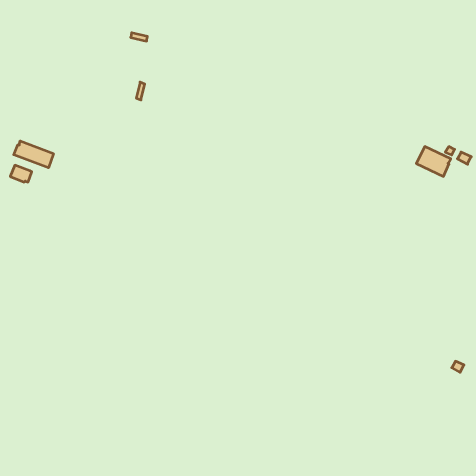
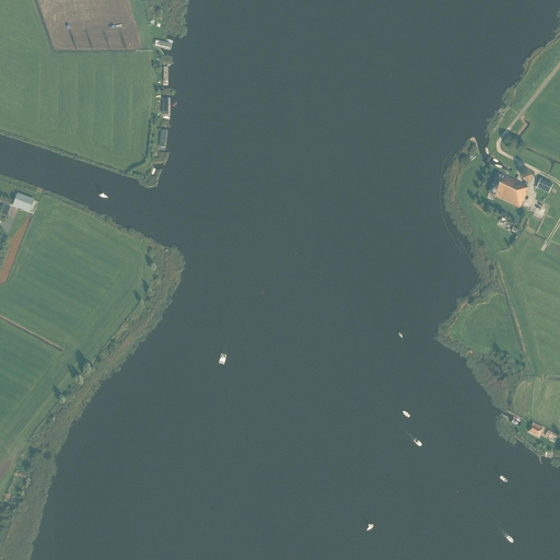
building: [14,141,53,168] -> none

